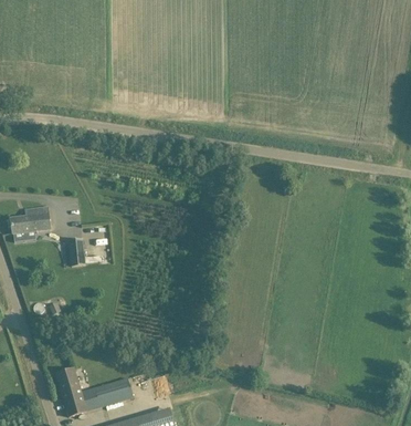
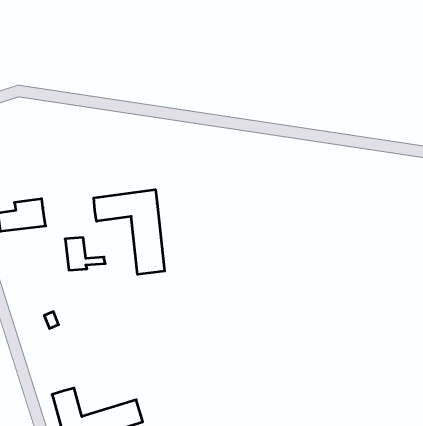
building: none -> [94,190,165,274]

